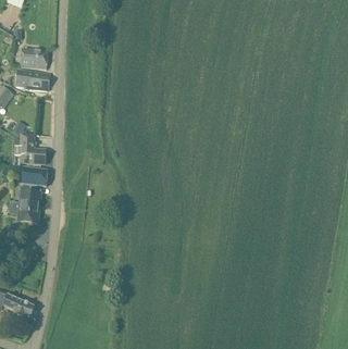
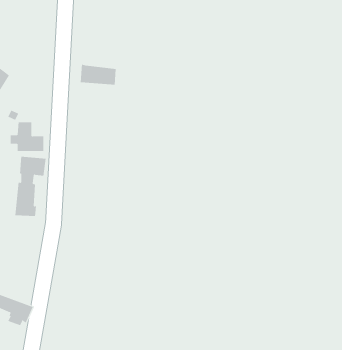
building: [20,48,47,67] -> none
building: [15,70,49,89] -> [80,64,117,85]

